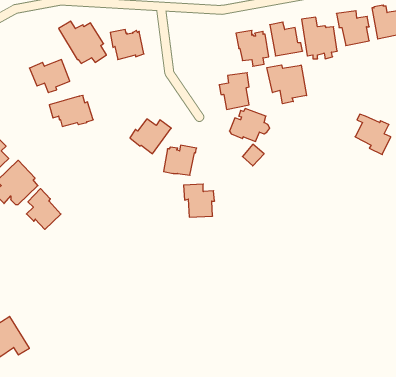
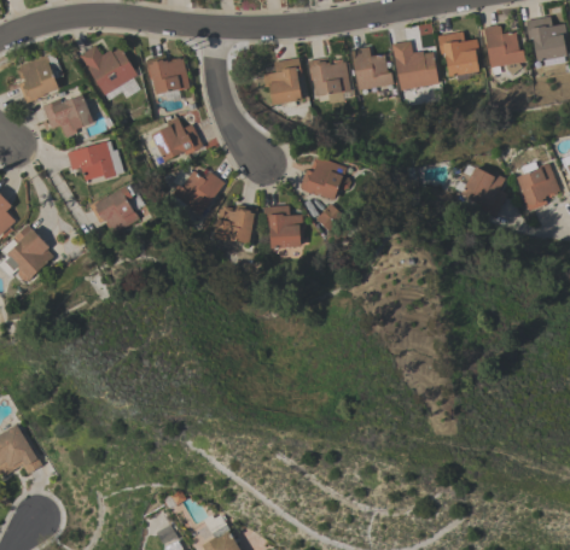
building: none -> [18,51,65,103]
building: [267,65,307,104] -> none
building: [219,73,249,109] -> [263,58,302,105]
building: none -> [151,117,203,160]
building: none -> [89,185,139,233]
building: [184,184,215,217] -> [263,205,303,247]
building: [26,189,61,229] -> none

